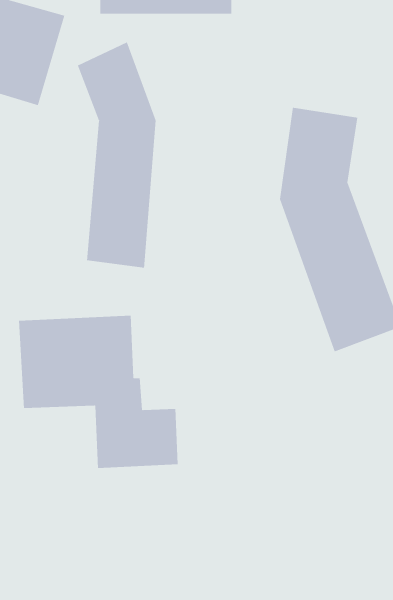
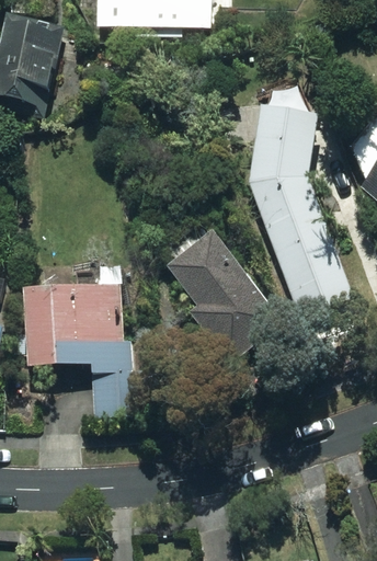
building: [77,41,156,268] -> none
building: none -> [167,229,282,358]

